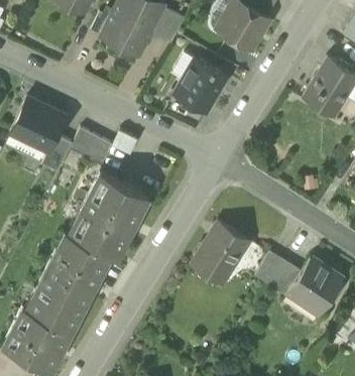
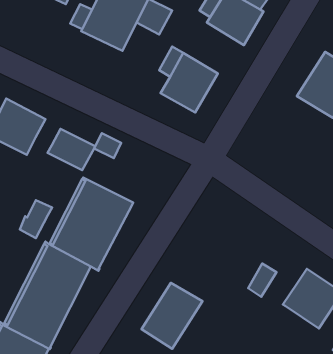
building: [42,136,73,171] -> [20,200,52,238]
building: [192,223,248,284] -> [142,283,202,349]
building: [267,261,301,297] -> none

